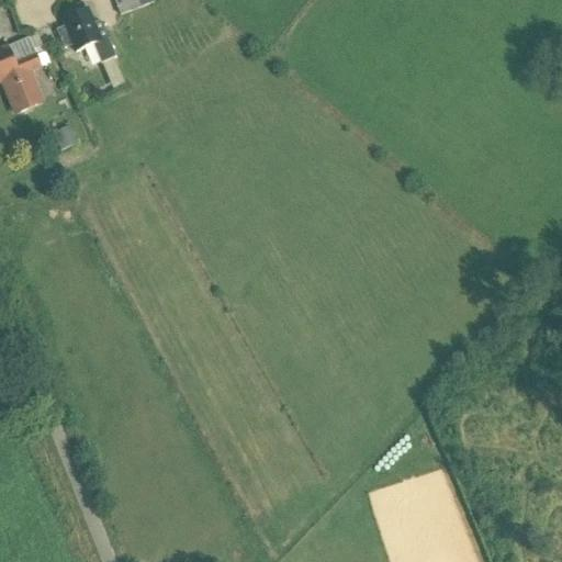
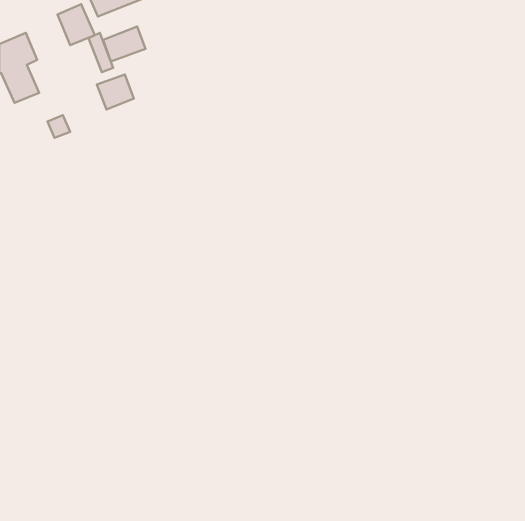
building: none -> [103,26,146,62]
building: none -> [97,74,134,109]

